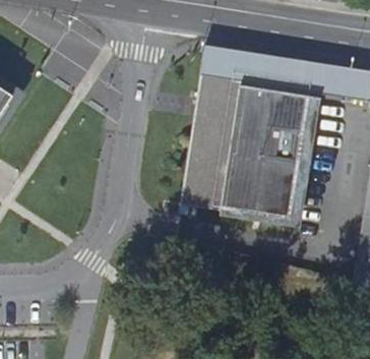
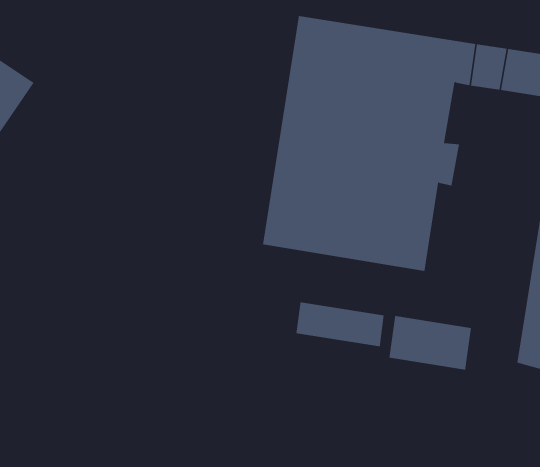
building: none -> [296,301,384,347]
building: none -> [389,315,472,371]

